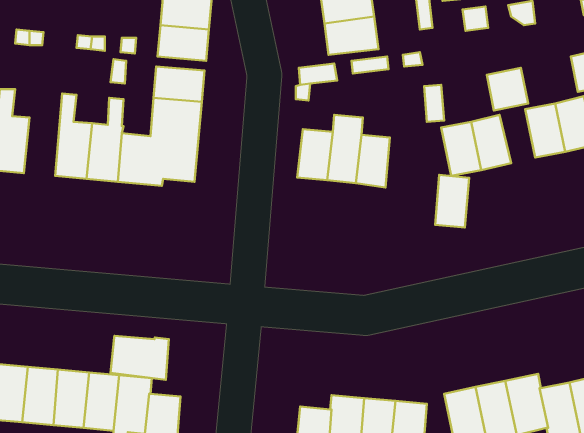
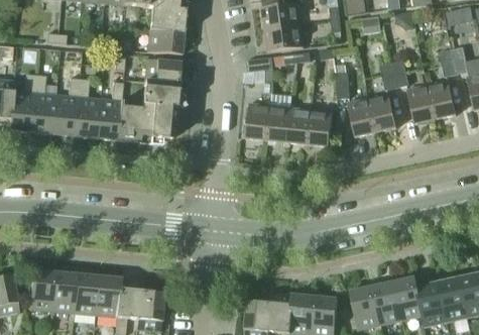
building: none -> [51,78,79,136]
building: [435,175,469,228] -> [308,109,332,146]
building: [110,336,169,380] -> none

